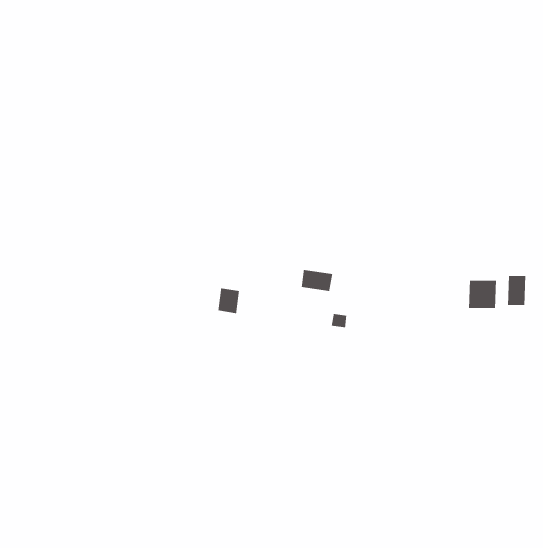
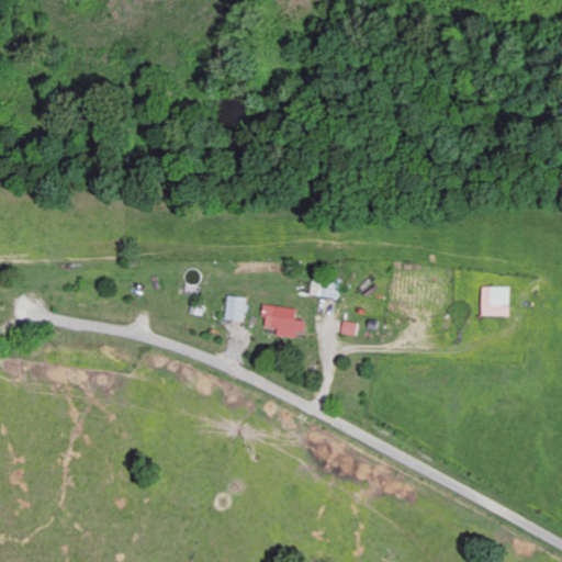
building: [507,275,526,306] -> none
building: none -> [261,304,304,337]

